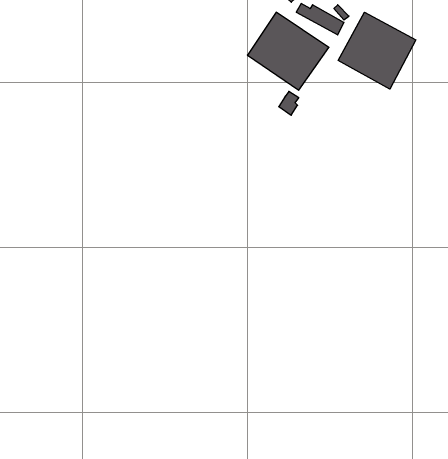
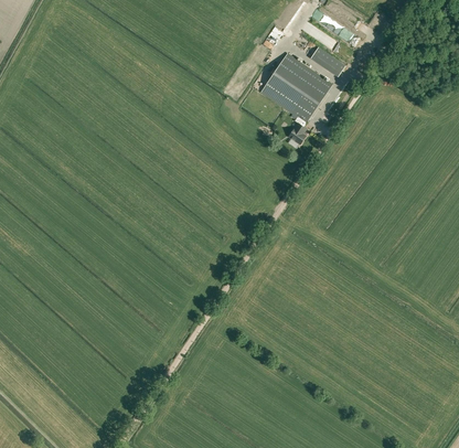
building: [338,12,416,89] -> none

